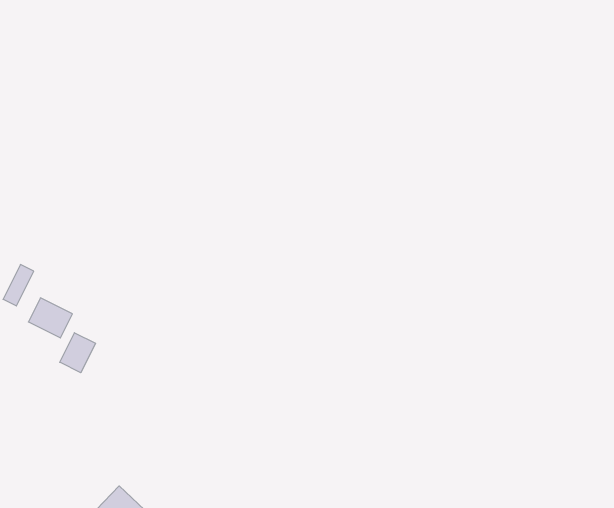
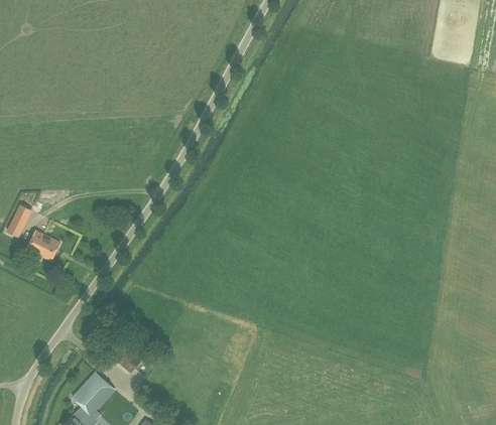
building: [60,333,95,373] -> none

